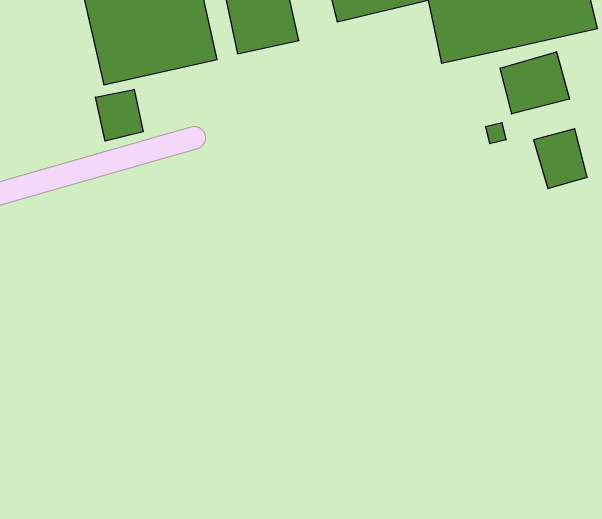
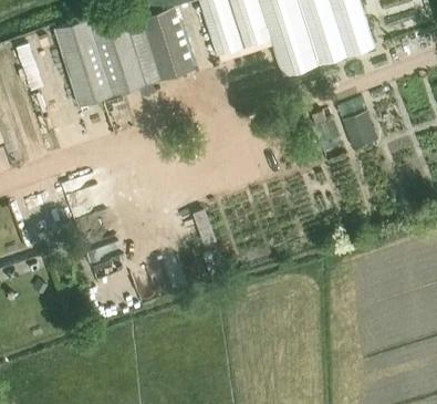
building: [500,52,569,114] -> none
building: [95,89,143,141] -> none

